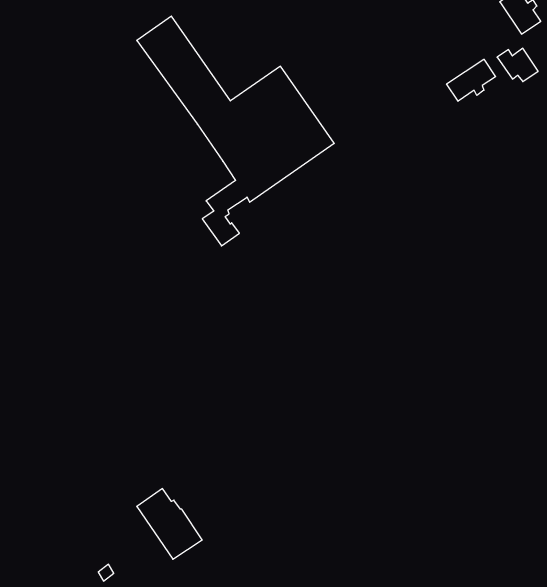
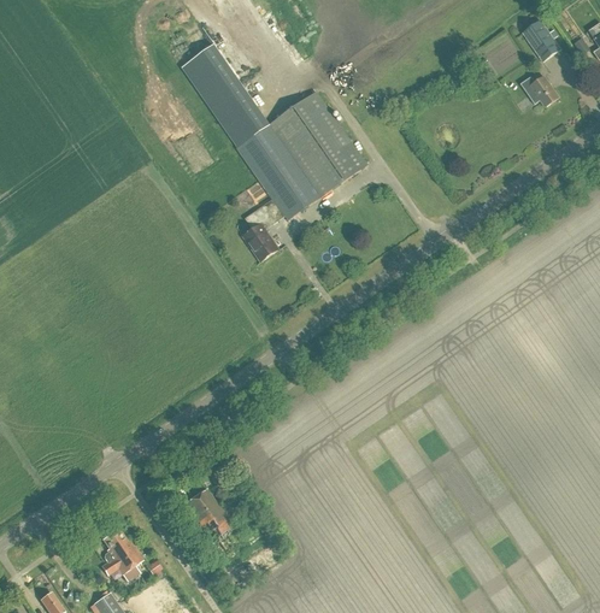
building: [447,59,496,101] -> none
building: none -> [100,527,143,573]

